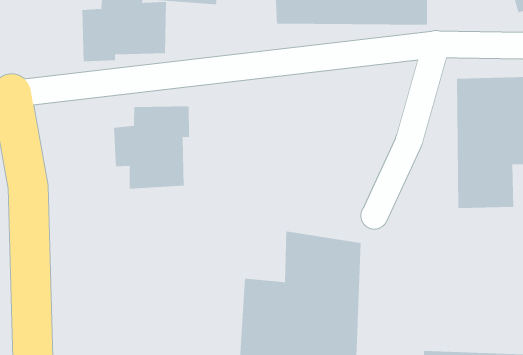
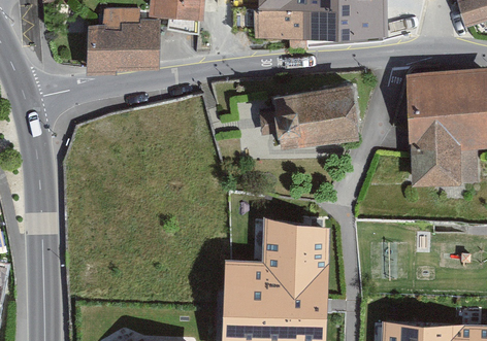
building: none -> [258,81,359,144]
building: [114,105,189,190] -> none

